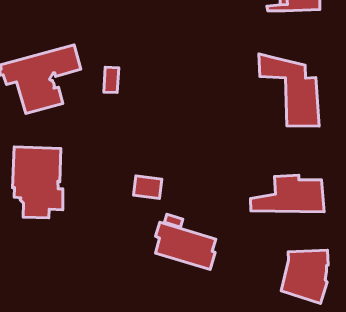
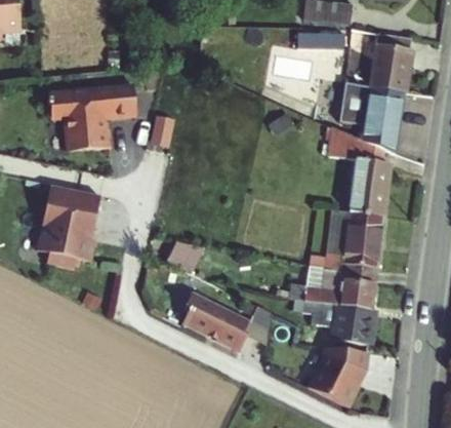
building: none -> [331,86,405,156]
building: none -> [313,208,383,276]
building: none -> [293,297,373,346]

